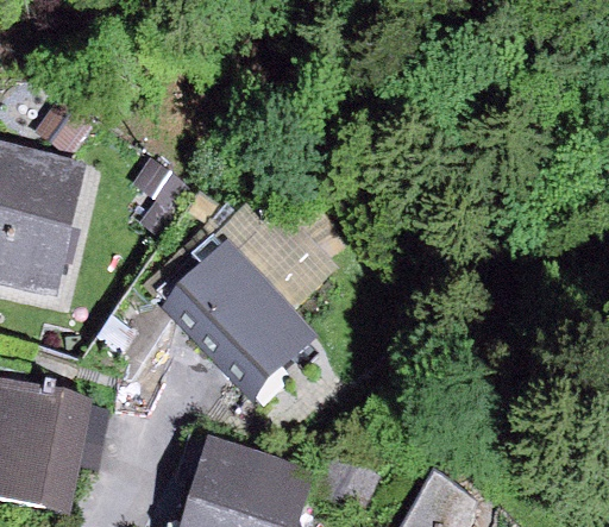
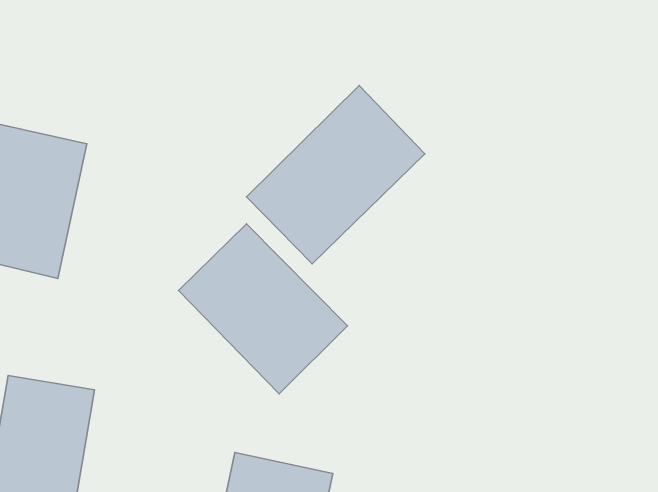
building: none -> [246,86,425,264]

